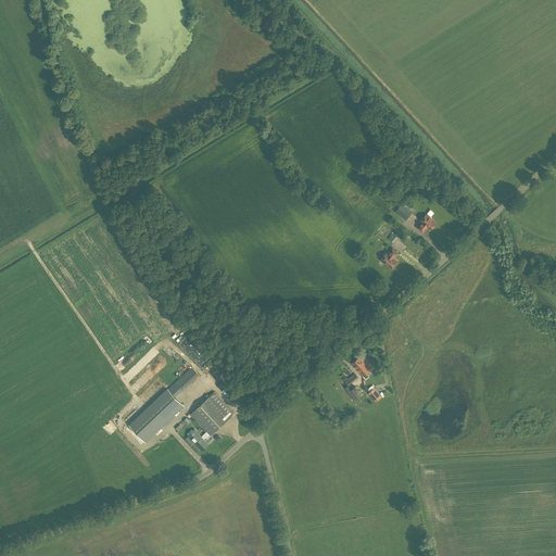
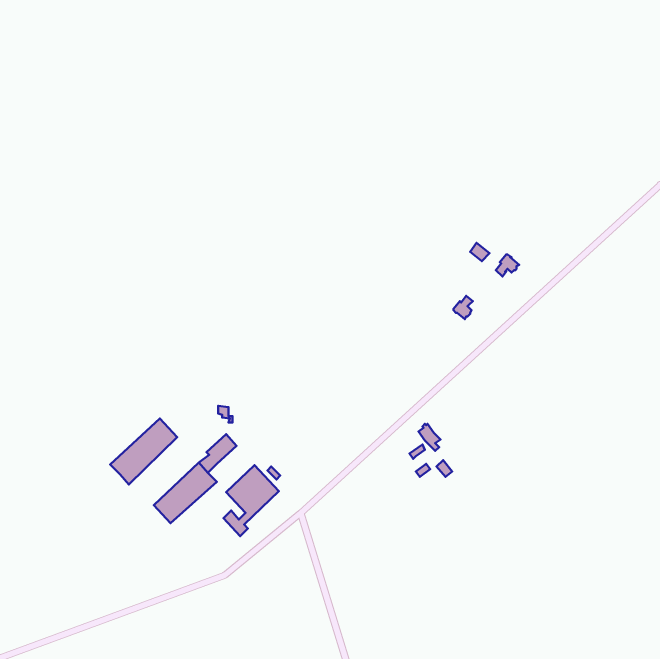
building: none -> [110,419,177,484]

